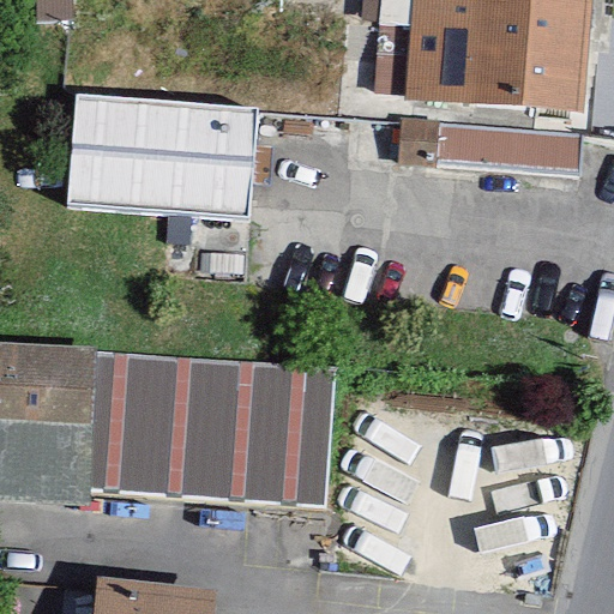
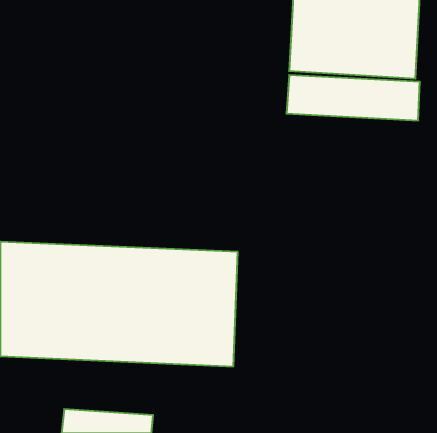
building: [59,92,257,229] -> none

